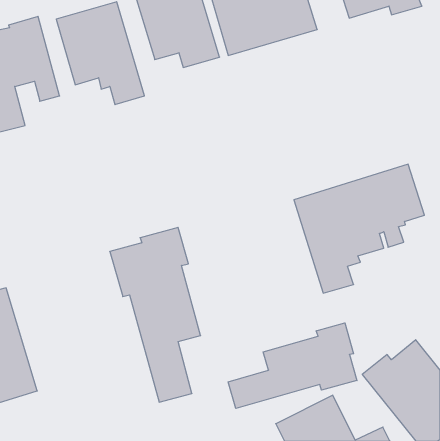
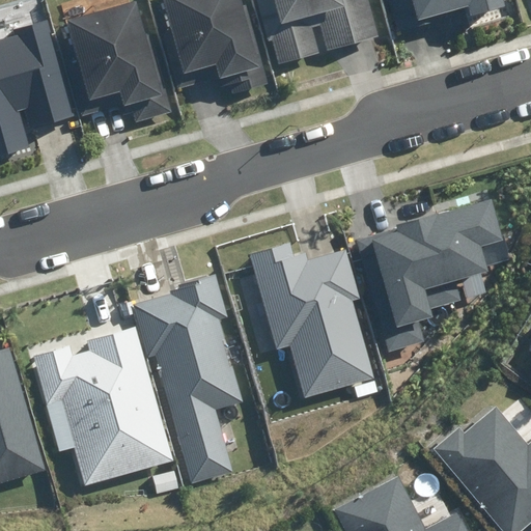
building: none -> [239,244,373,399]
building: none -> [23,329,167,491]
building: [228,323,357,408] -> none

